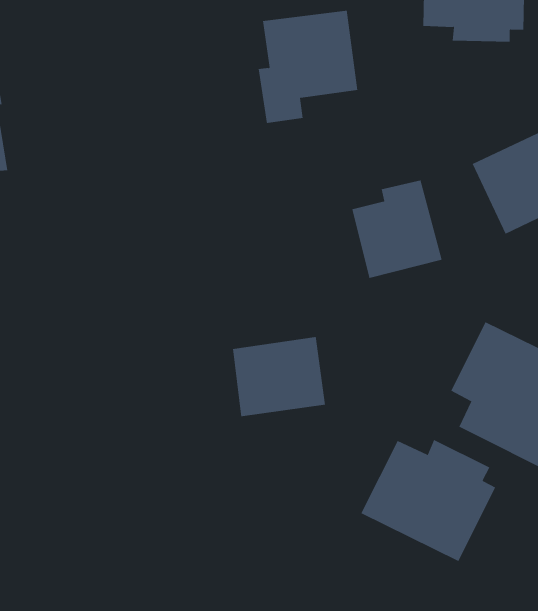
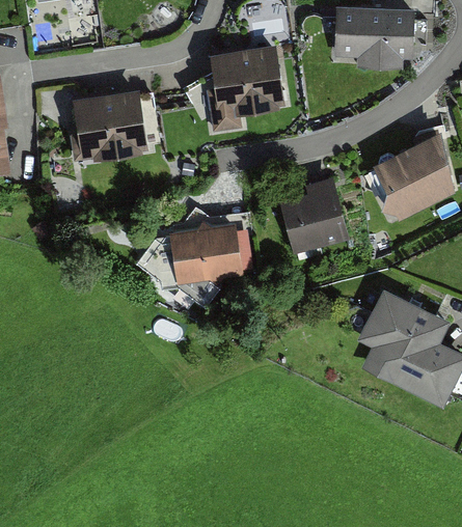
building: none -> [70,88,148,164]
building: [232,337,326,417] -> [170,224,243,286]
building: [361,439,496,562] -> none

